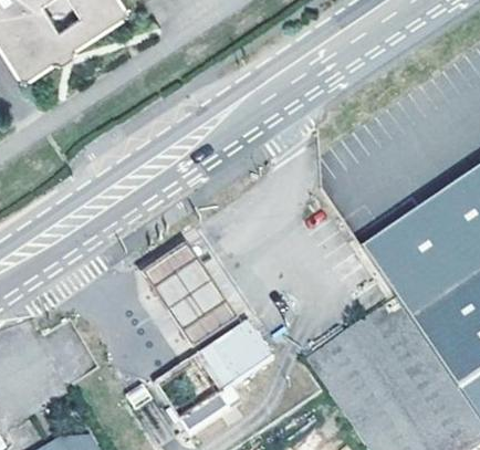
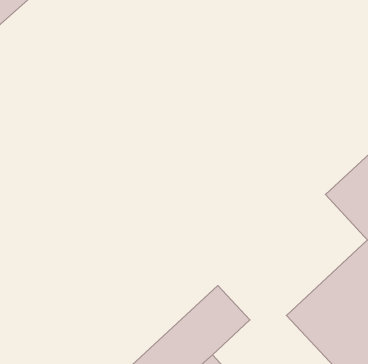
building: [143,241,238,344] -> none

